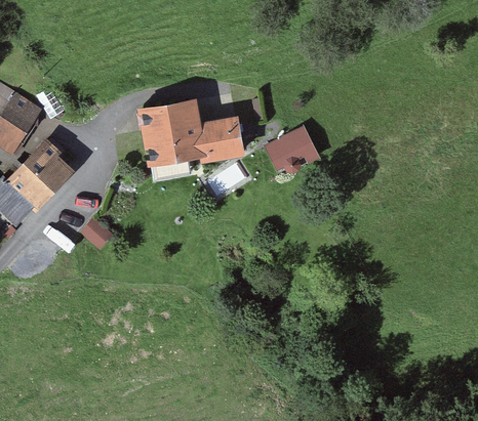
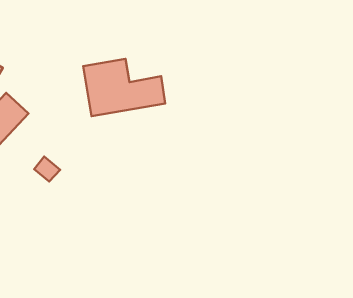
building: [266,127,316,171] -> none

